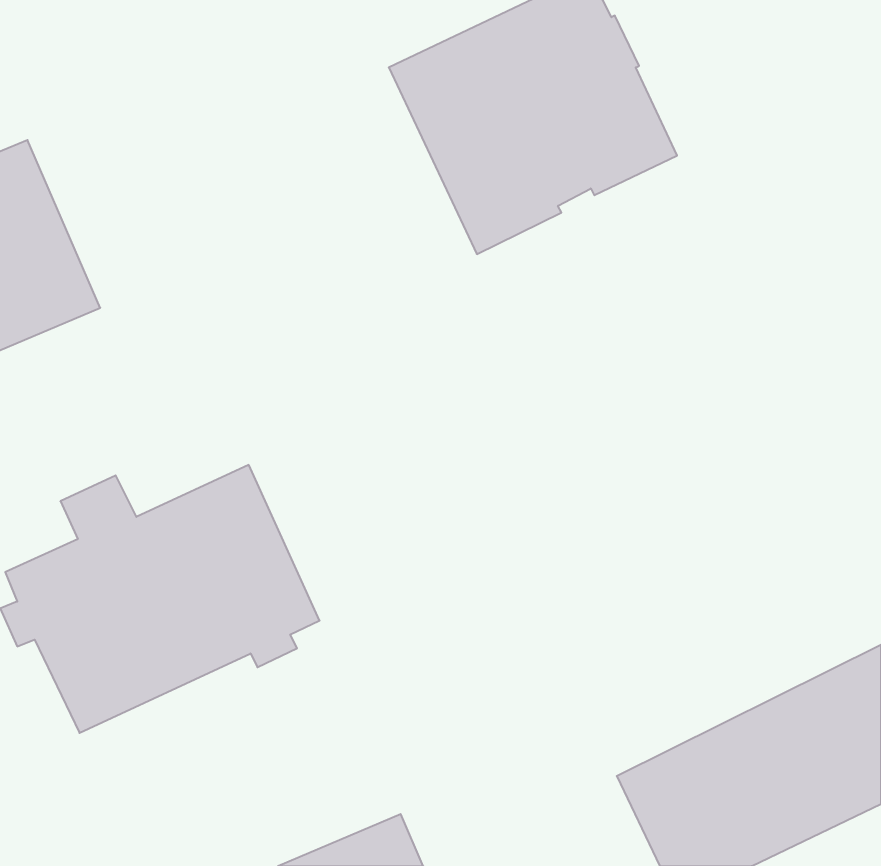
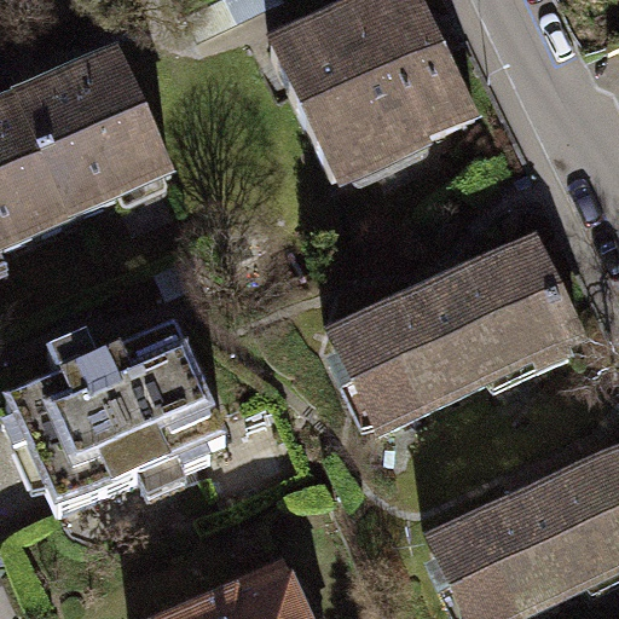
building: none -> [19,53,174,215]
building: none -> [331,239,579,428]

